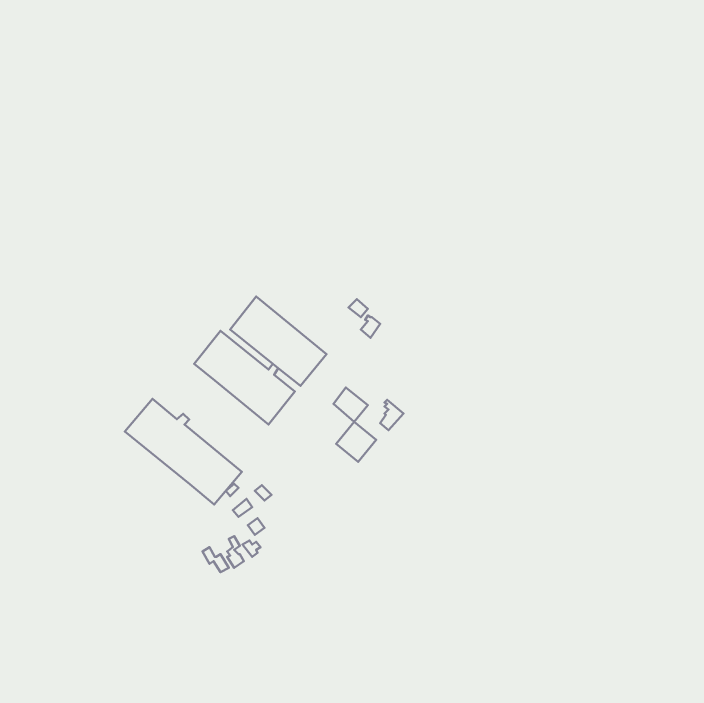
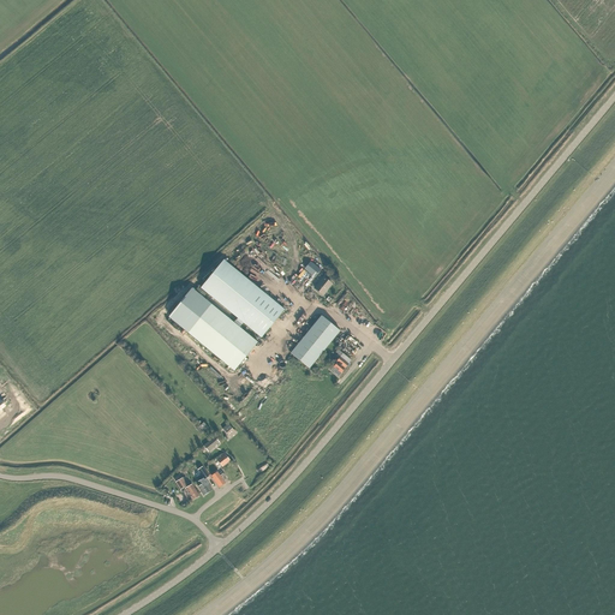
building: [125,399,242,505] -> none
building: [336,422,376,462] -> [301,318,336,353]

